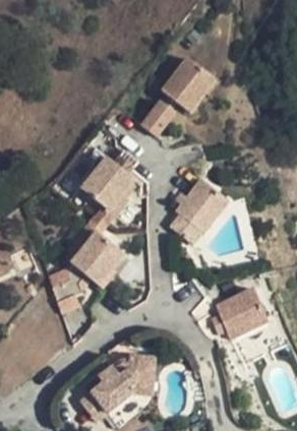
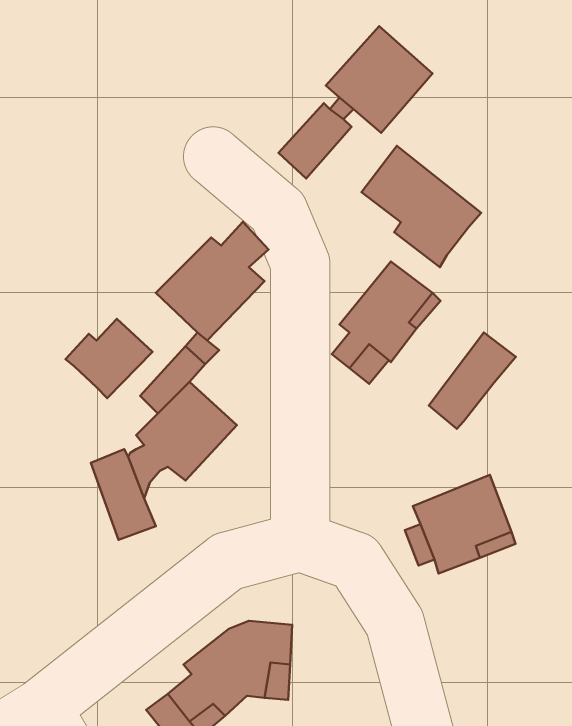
building: none -> [362,146,481,267]
building: none -> [66,319,153,398]
building: none -> [429,332,516,429]

